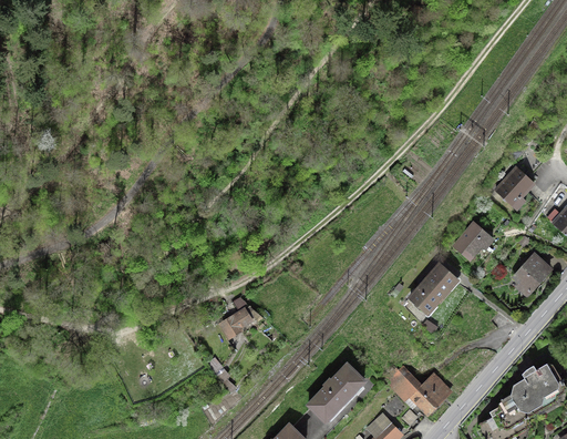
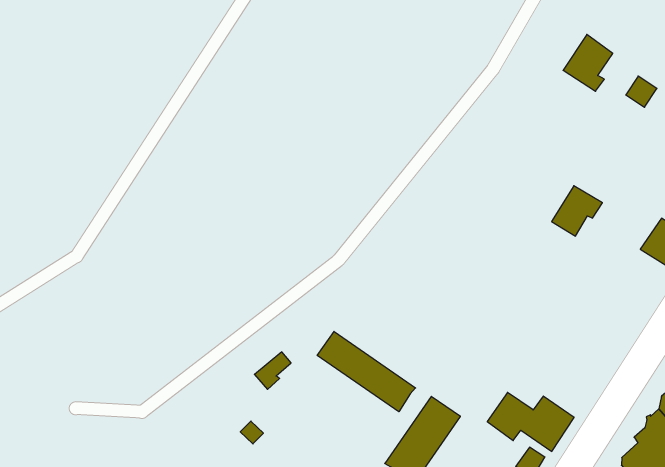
building: [496,167,534,210] -> [563,34,613,91]
building: [411,265,457,313] -> none
building: none -> [317,331,416,412]

